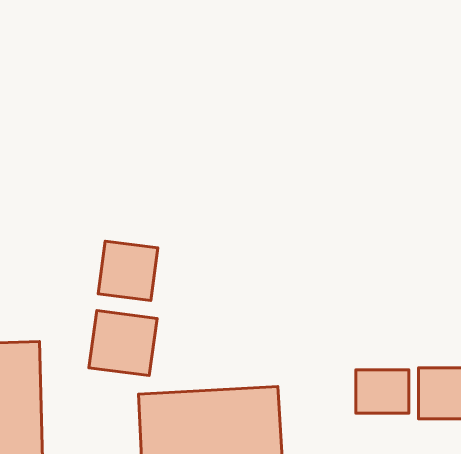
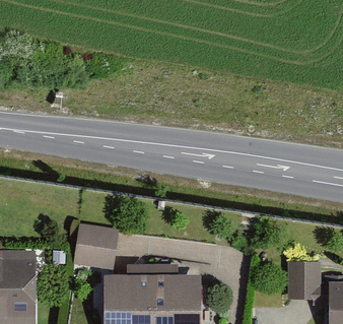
building: [98,241,158,300] -> none
building: [356,370,409,413] -> none

